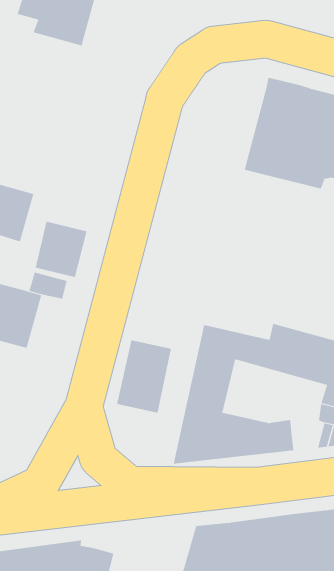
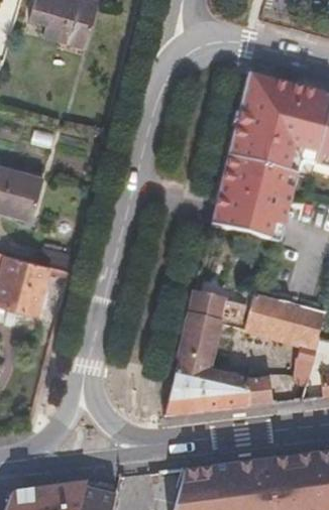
building: none -> [211,156,297,239]
building: [35,221,87,278] -> none
building: [117,339,172,413] -> none

